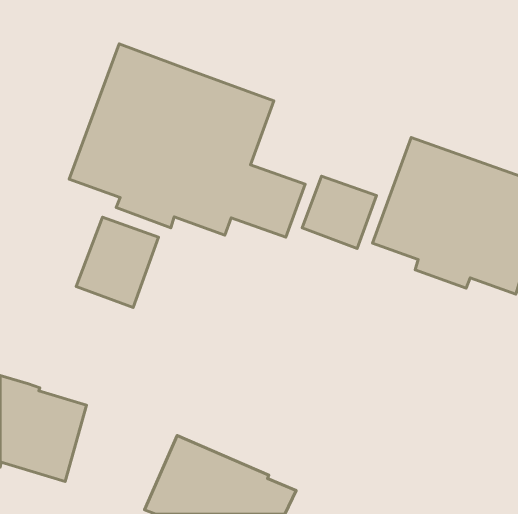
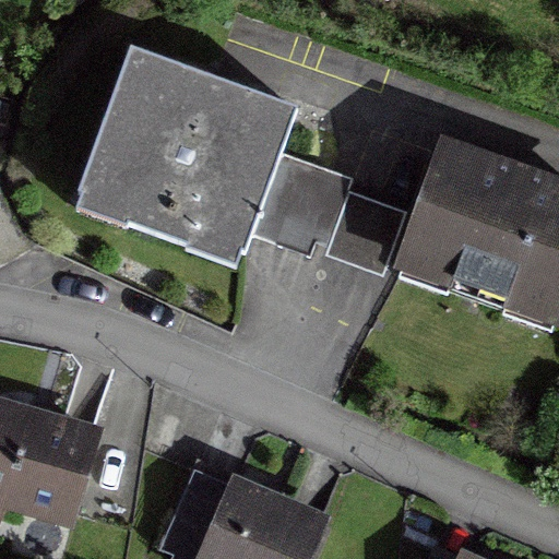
building: [76,217,159,307] -> none

